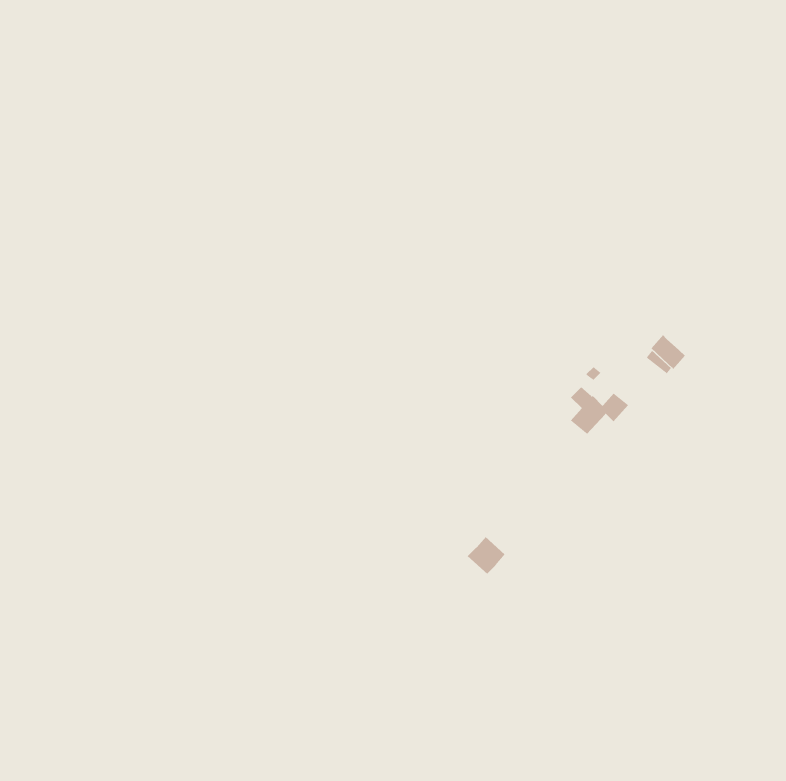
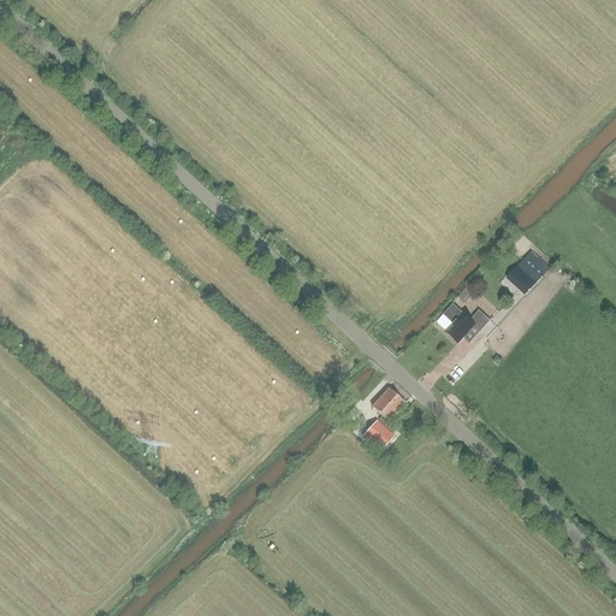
building: none -> [373,385,405,420]

